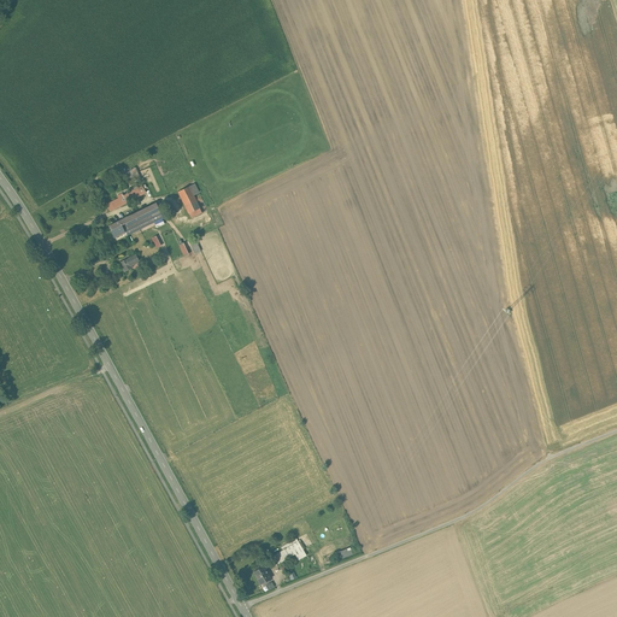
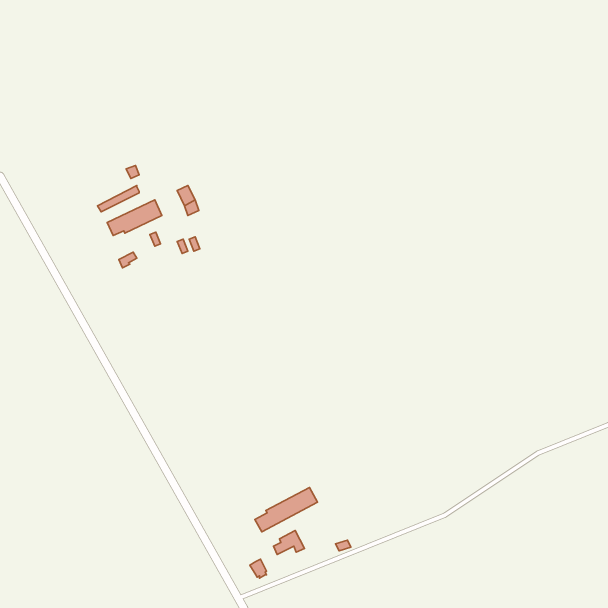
building: none -> [255,488,317,532]

